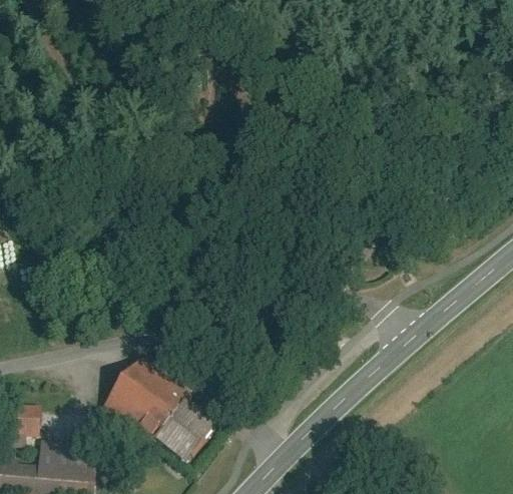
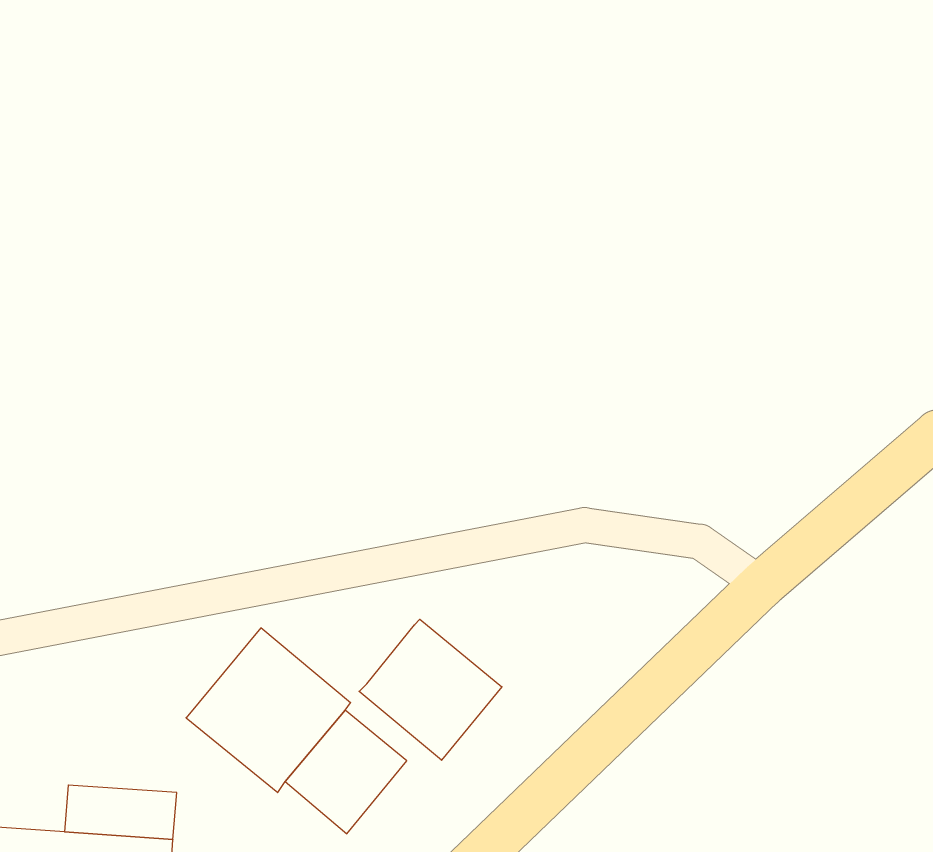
building: none -> [359,619,502,760]
building: [9,402,38,434] -> none

